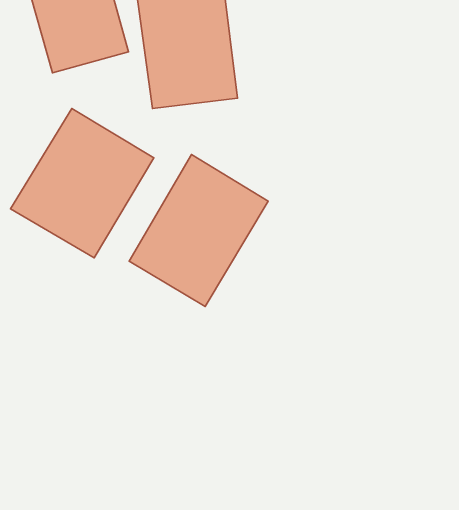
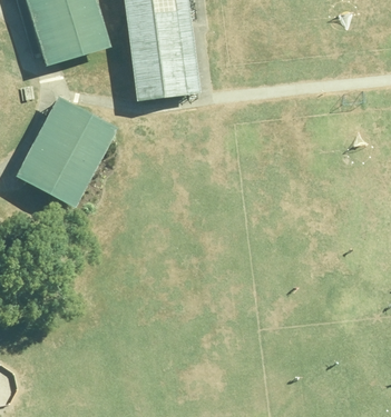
building: [129,155,268,307] -> none

